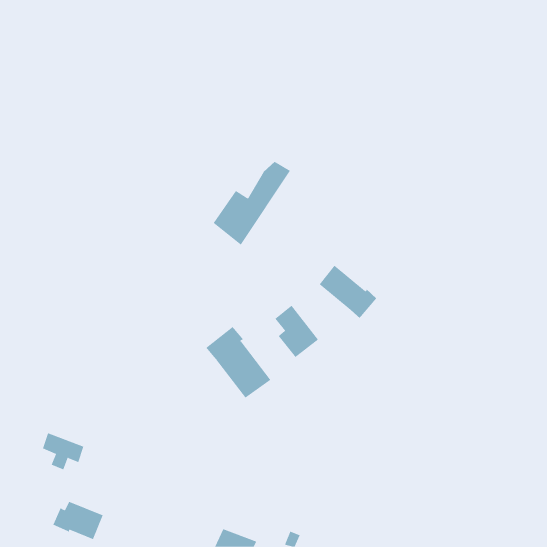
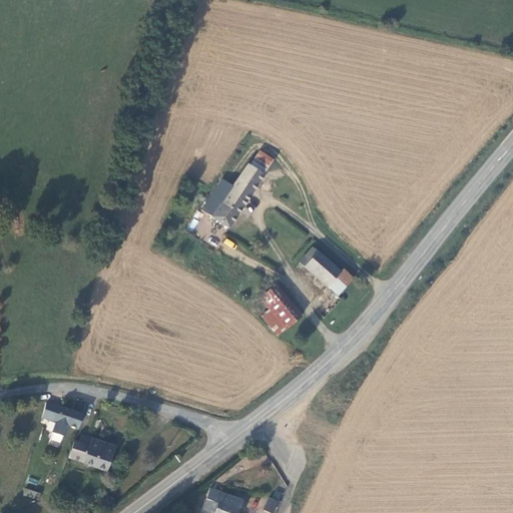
building: [205,326,271,399] -> none
building: [53,501,103,540] -> [67,434,114,470]

